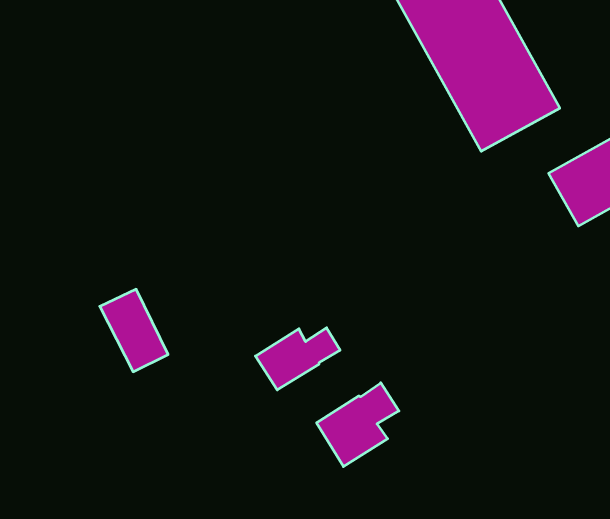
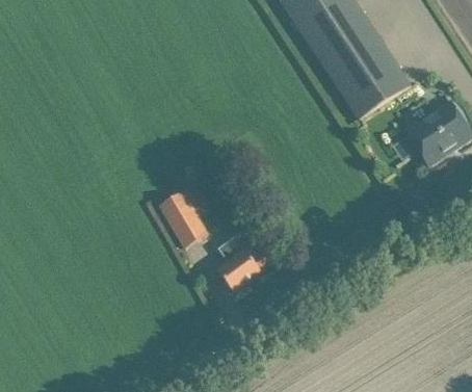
building: [100,289,168,372] -> [158,186,207,242]
building: [317,383,399,467] -> none

